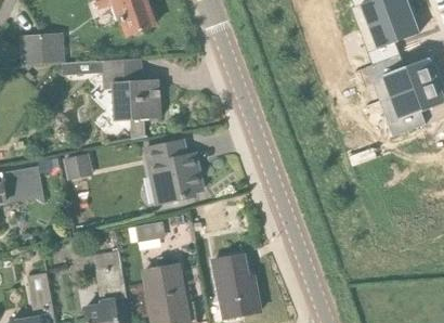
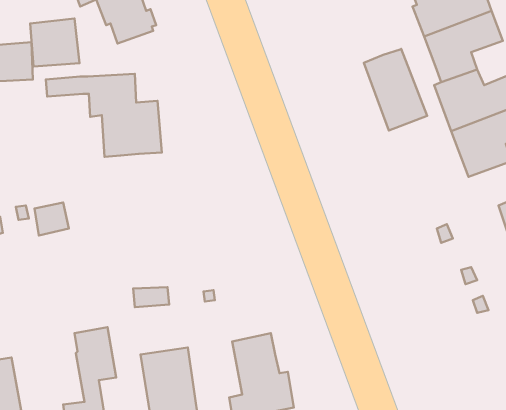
building: none -> [30,19,79,67]
building: none -> [364,49,427,130]
building: [144,140,204,201] -> none

